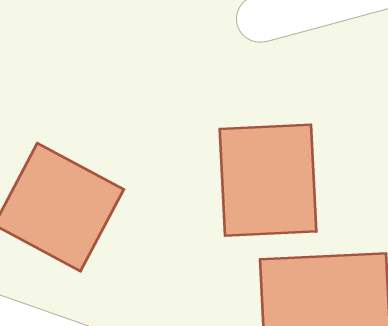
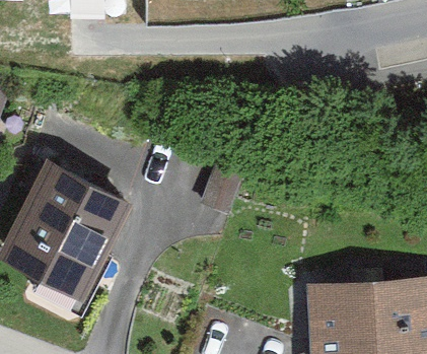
building: [220,125,316,236] -> none

